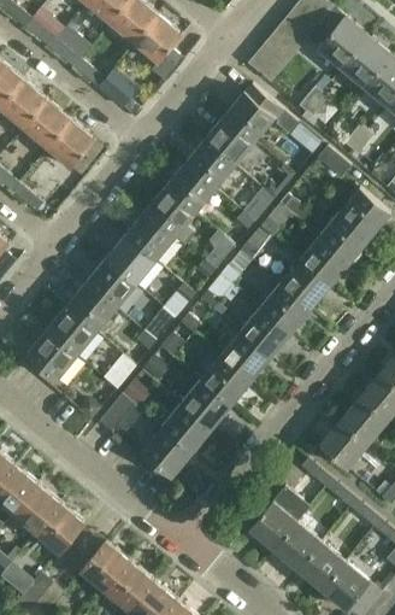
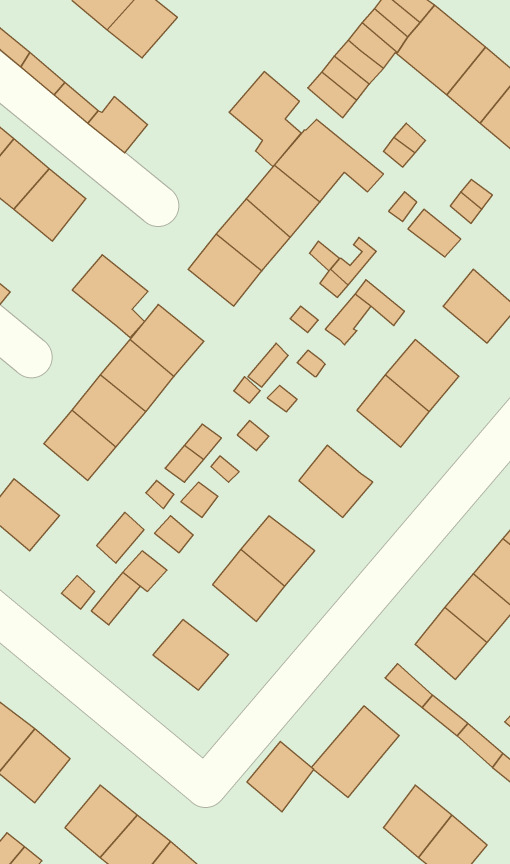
building: [134,16,183,81] -> [229,72,301,167]
building: [145,188,196,245] -> [72,255,148,337]
building: [320,213,370,262] -> none
building: [260,285,311,334] -> none
building: [46,307,96,357] -> none
building: [220,333,271,381] -> none
building: [161,404,212,452] -> none
building: [275,522,320,570] -> [247,741,314,812]

